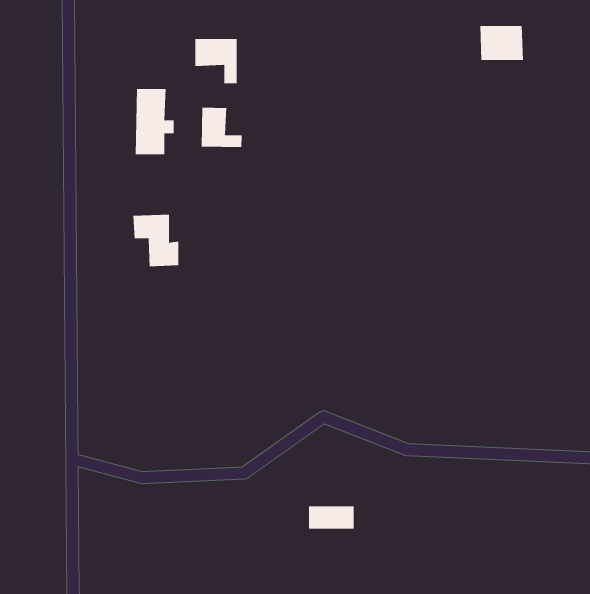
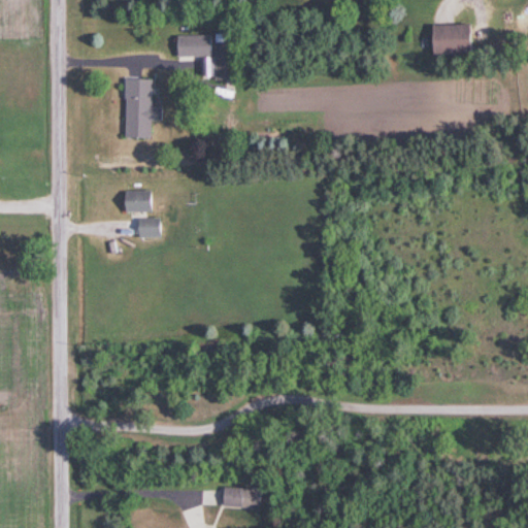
building: [201,107,242,148] -> none
building: [308,506,355,529] -> [222,487,263,507]

